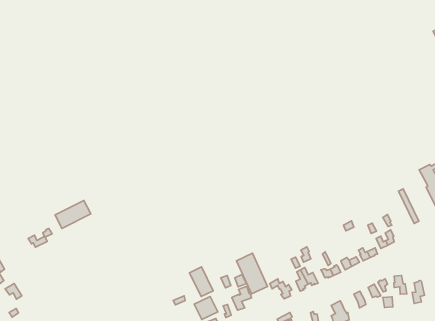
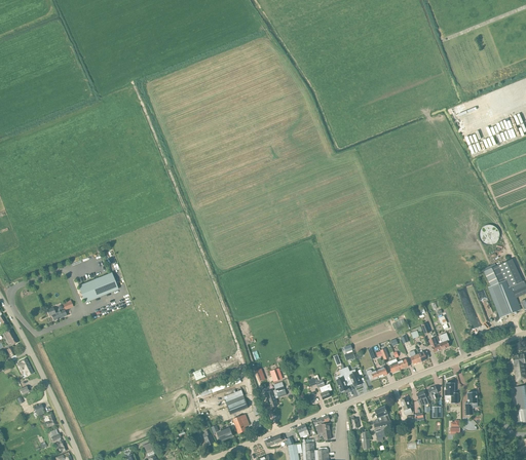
building: [236,253,268,294] -> none
building: [190,267,213,297] -> none

